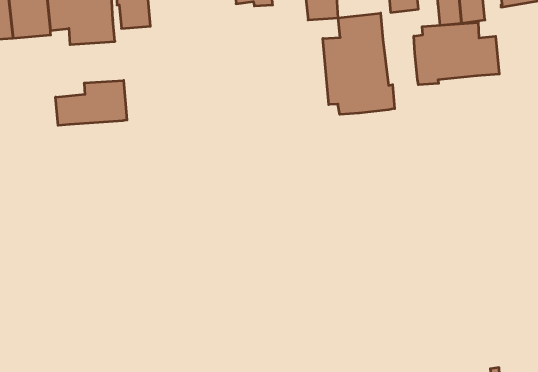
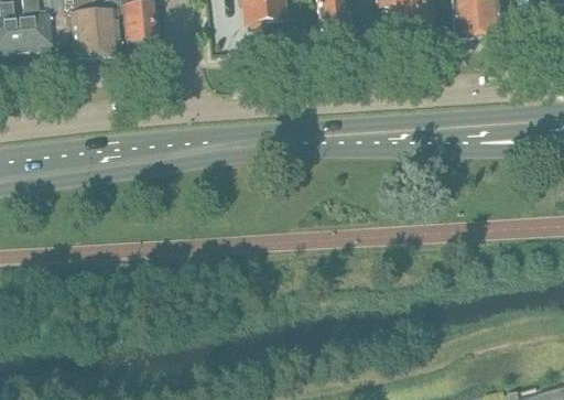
building: [323,13,395,114] -> none
building: [414,22,499,85] -> none
building: [56,80,127,125] -> none

